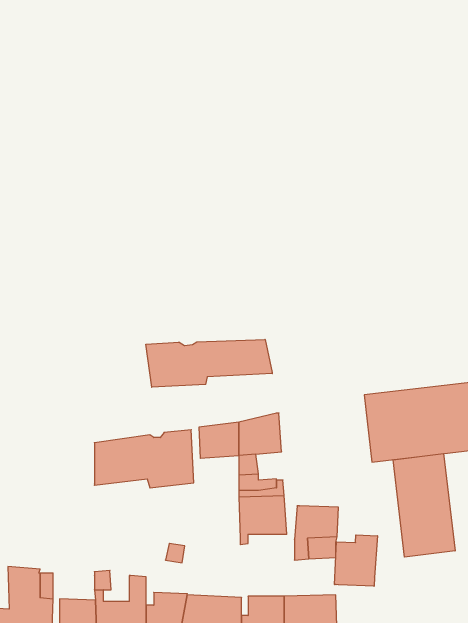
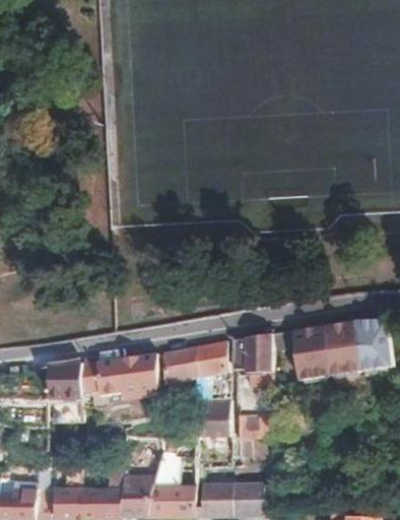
building: [146,339,272,387] -> none
building: none -> [229,335,270,386]
building: none -> [49,364,79,396]
building: [393,454,455,557] -> none
building: [335,535,377,586] -> none

